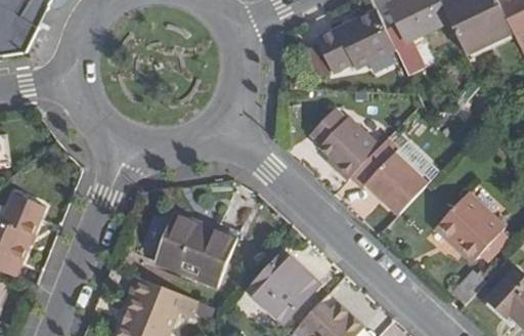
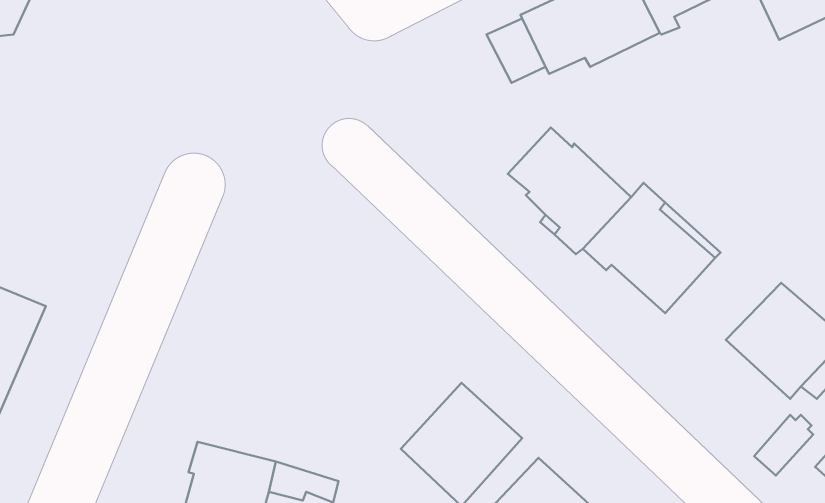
building: [154,214,231,285] -> none

